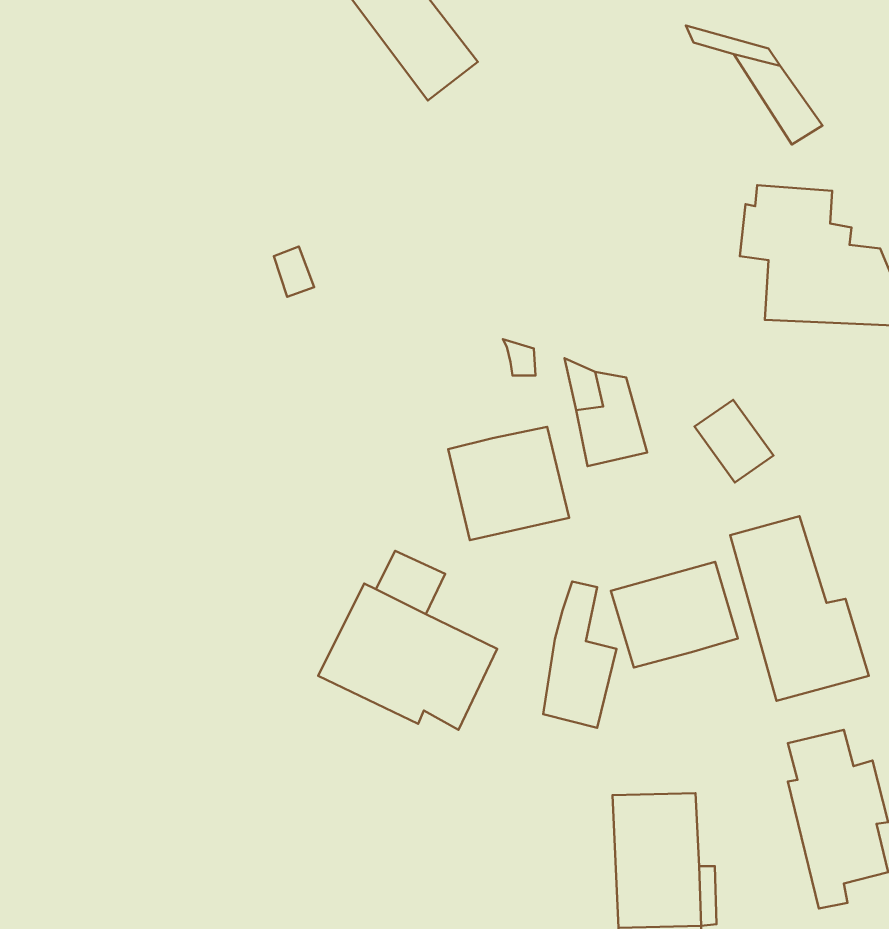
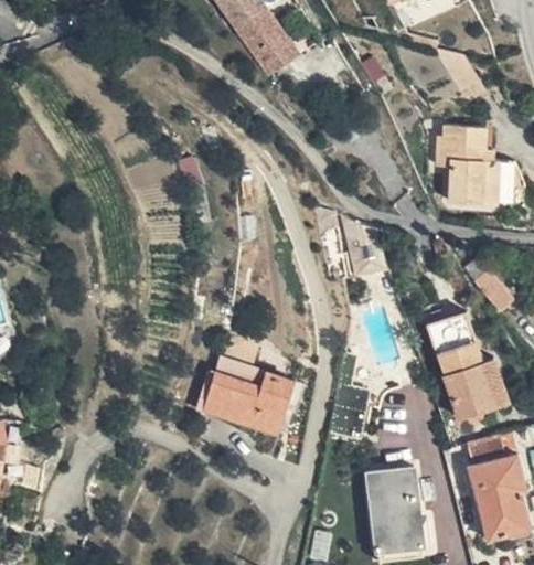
building: [695,400,773,482] -> [471,262,516,309]
building: [448,427,569,540] -> none
building: [611,562,738,668] -> none

